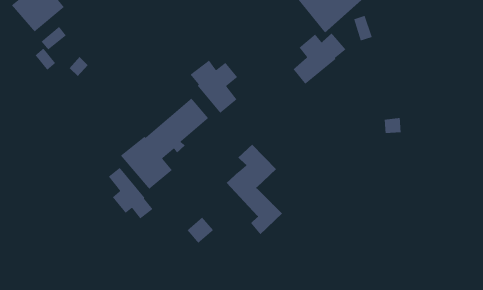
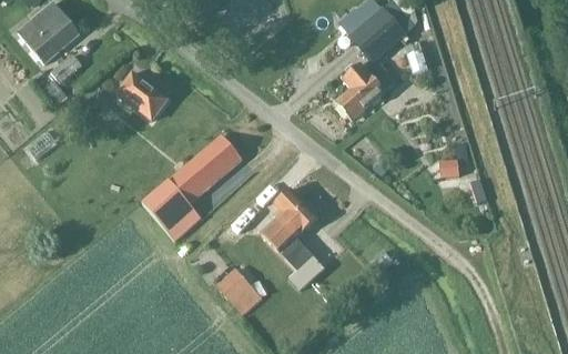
building: none -> [116,71,168,119]
building: [190,59,238,114] -> none
building: [108,167,154,219] -> none

